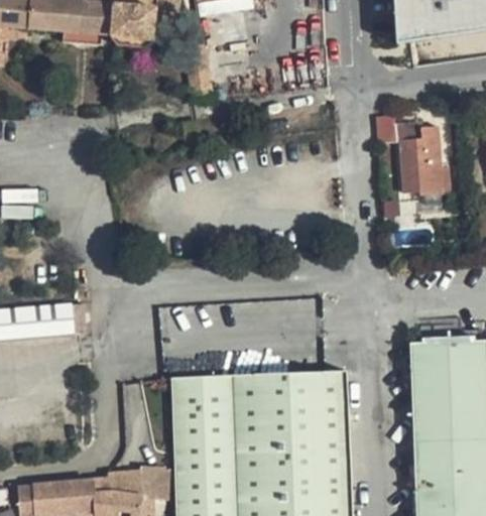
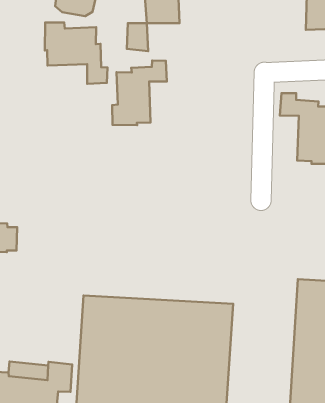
building: none -> [45,22,107,84]
building: none -> [112,60,167,125]

